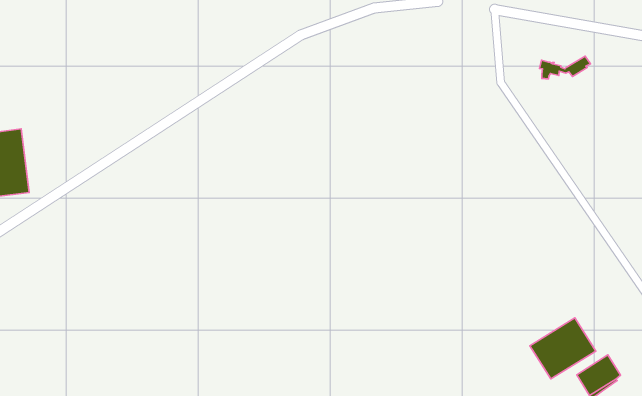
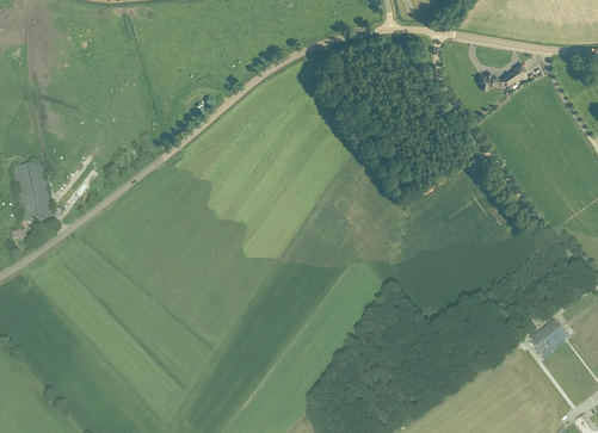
building: [530,318,596,379] -> none

